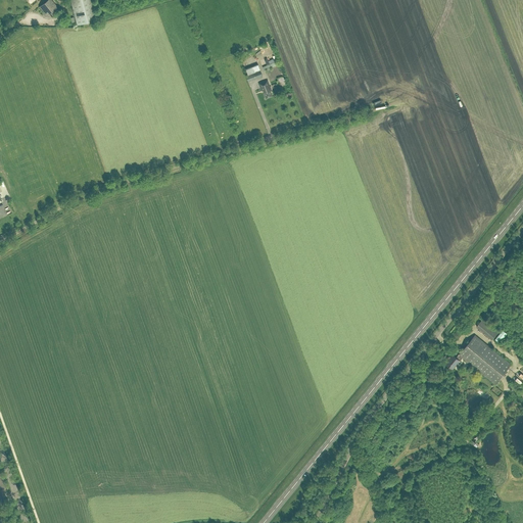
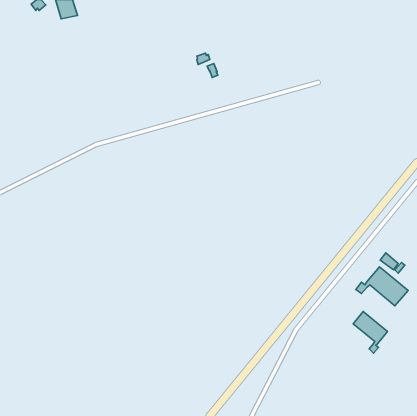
building: none -> [353,312,387,353]

